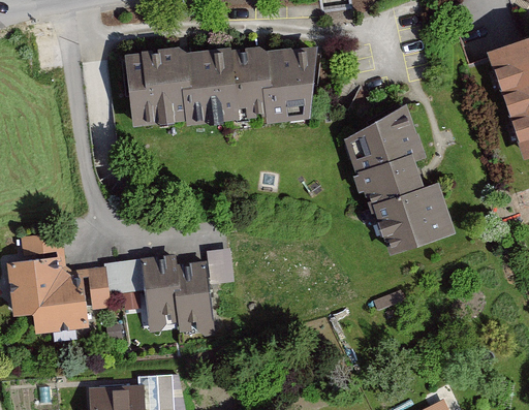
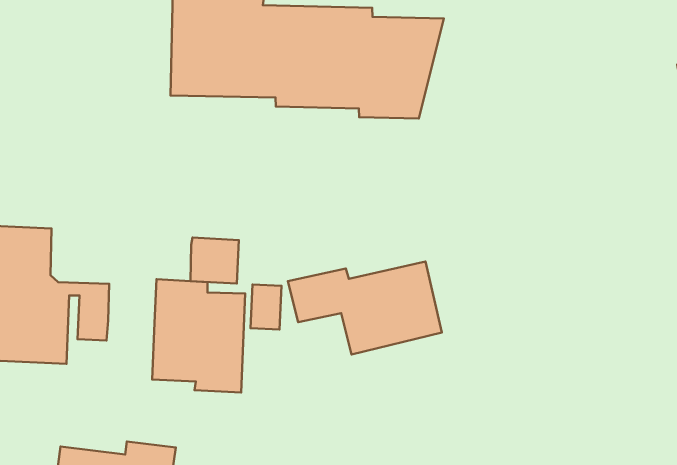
building: [345,103,455,255] -> none
building: none -> [288,262,442,354]
building: [108,259,145,293] -> [190,238,239,284]

